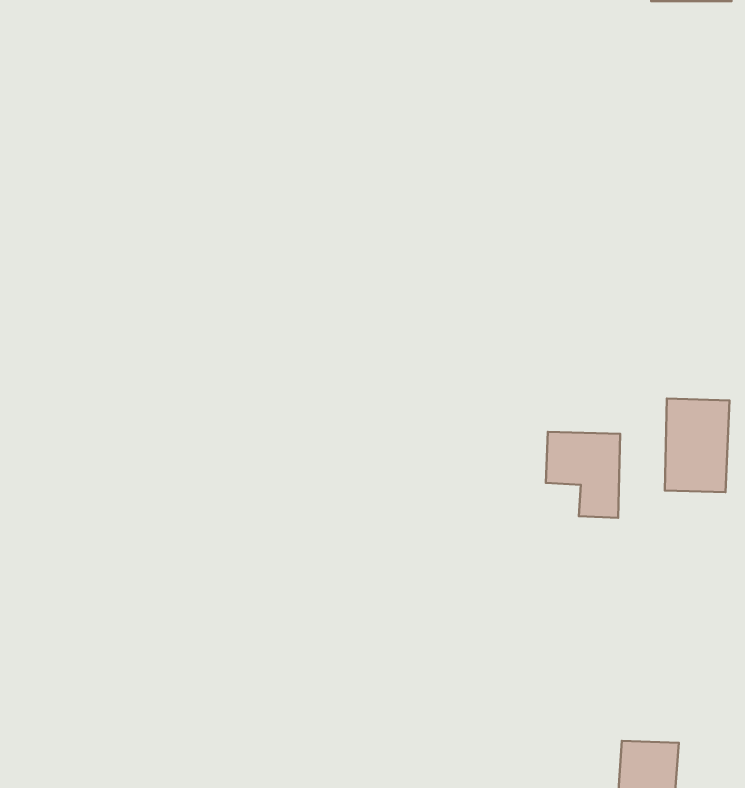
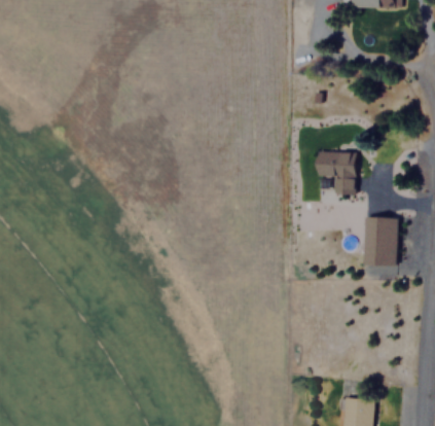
building: [546,432,620,518] -> [316,150,355,196]

